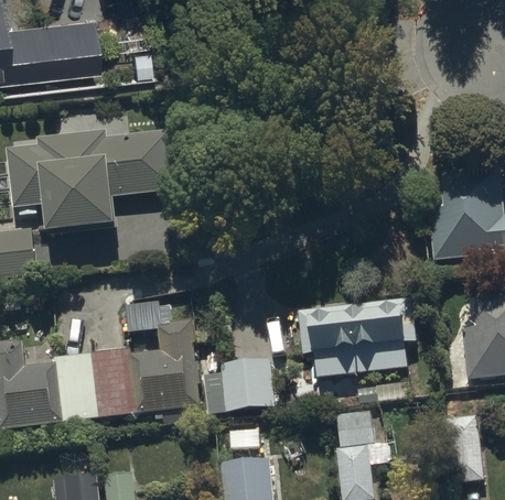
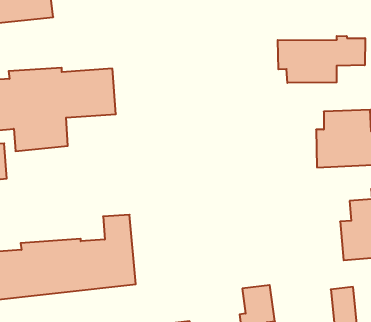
building: none -> [278,36,365,83]
building: [297,300,415,378] -> none
building: [221,360,272,412] -> none

